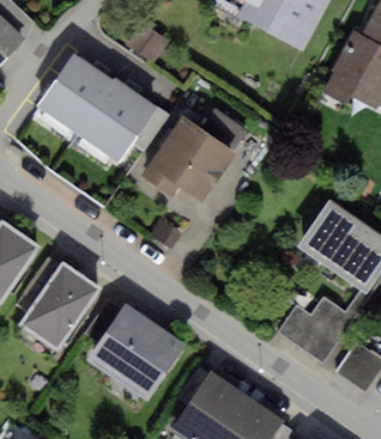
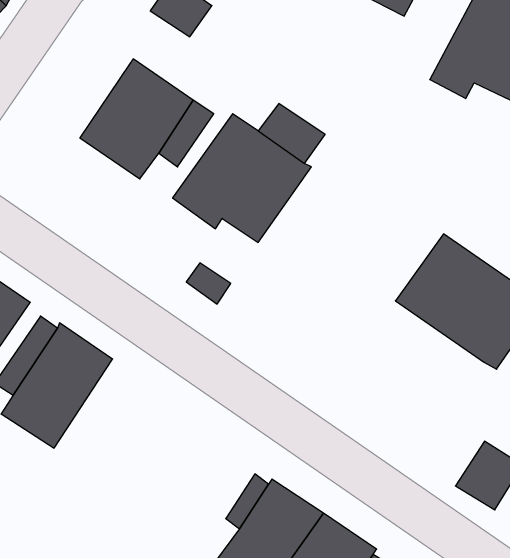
building: [40,56,110,133] -> none
building: [276,289,367,365] -> none
building: [86,307,185,403] -> none

